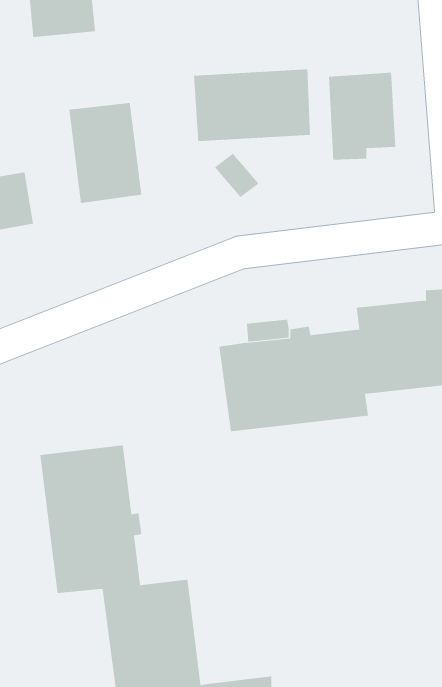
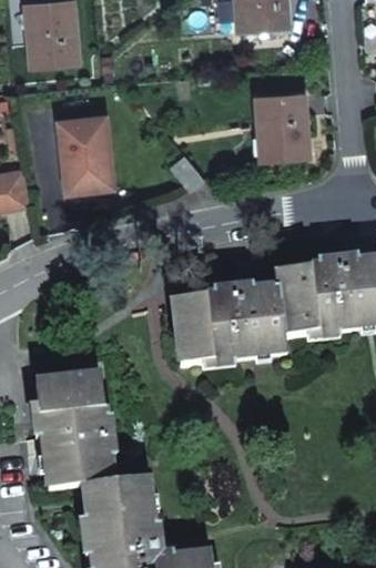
building: [193,69,310,142] -> none

